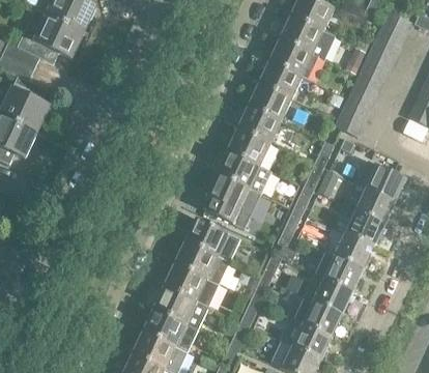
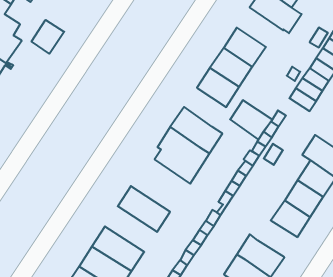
building: [269,38,318,79] -> none
building: none -> [32,20,64,54]
building: [227,130,270,168] -> [230,100,272,139]
building: [183,219,239,262] -> none
building: [314,251,364,292] -> none
building: [163,264,218,308] -> none

